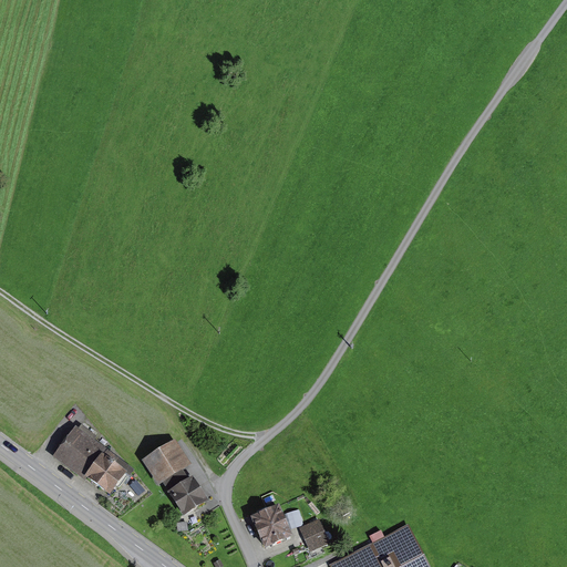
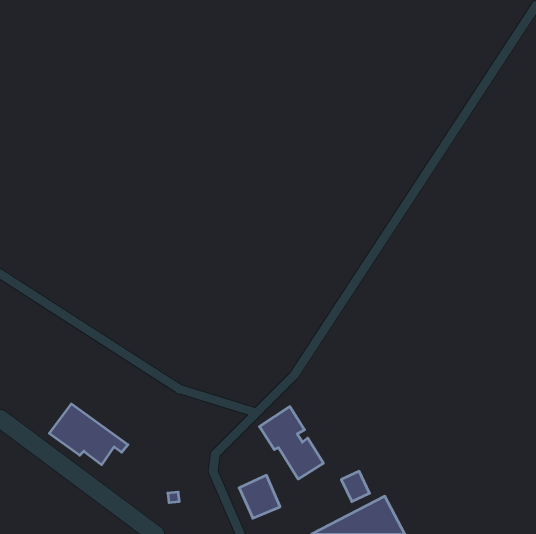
building: [142,439,209,515] -> [259,407,323,479]
building: [300,518,330,550] -> [341,471,370,502]

